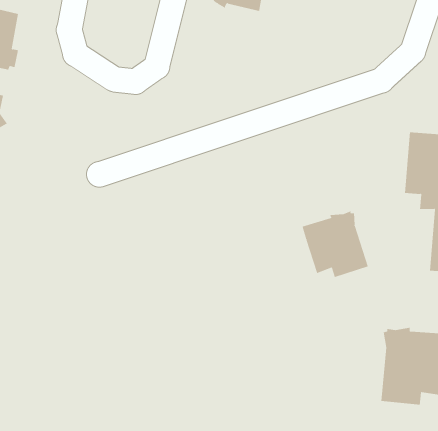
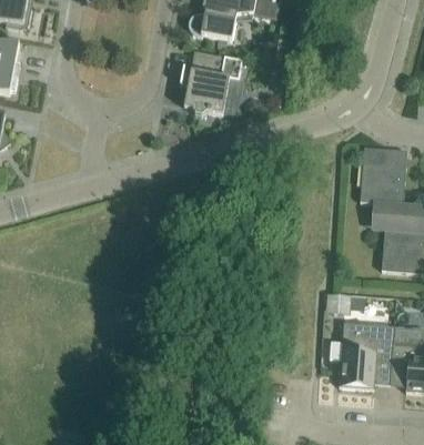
building: none -> [179,50,242,114]
building: [302,211,369,278] -> none

